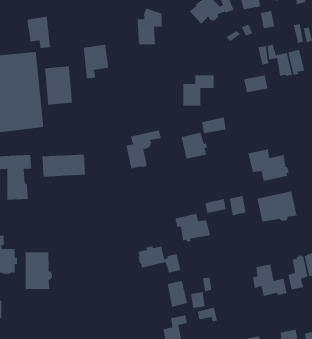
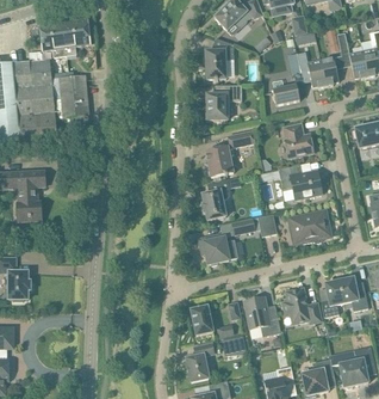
building: [137,8,162,45] -> [206,37,234,78]
building: [83,44,109,79] -> [62,17,91,55]
building: none -> [282,123,313,158]
building: [125,130,162,169] -> [201,177,241,220]
building: [42,154,86,177] -> none
building: [137,246,181,273] -> none
building: [25,252,53,290] -> none
building: none -> [243,296,281,337]

